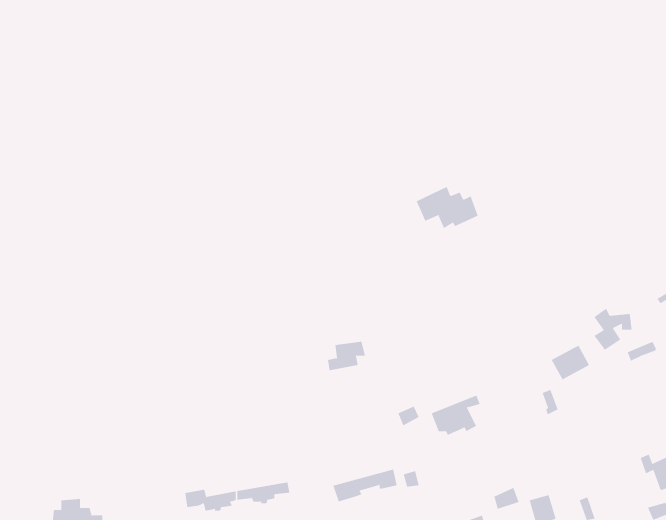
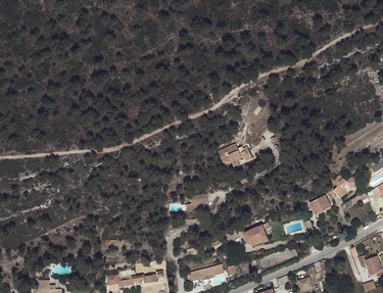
building: [416,186,479,229] -> [219,143,253,166]

